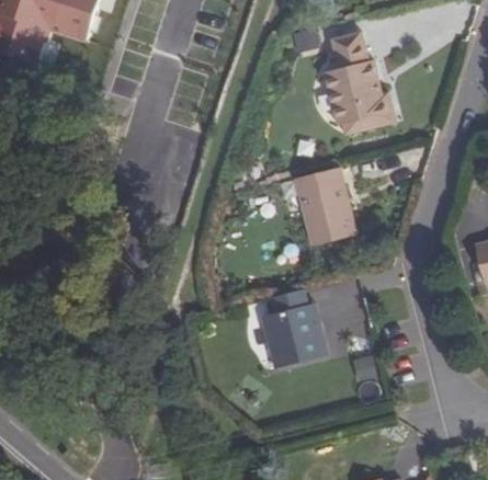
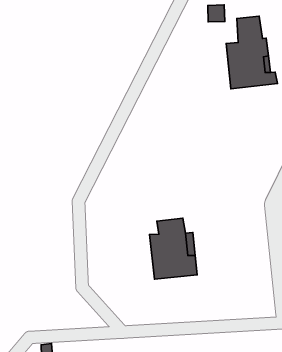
building: [293,165,355,245] -> none

